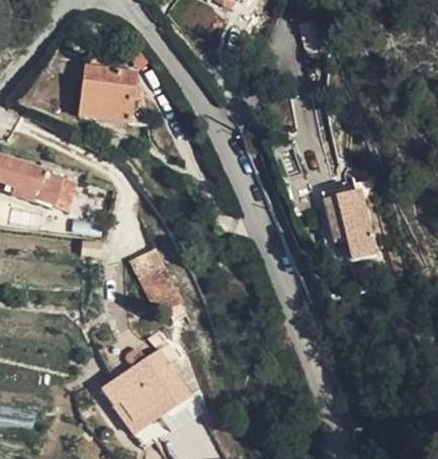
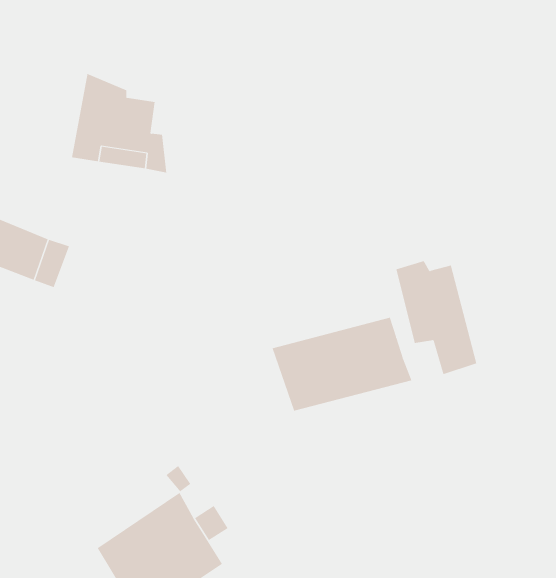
building: none -> [272,317,412,412]
building: [124,243,177,307] -> none

